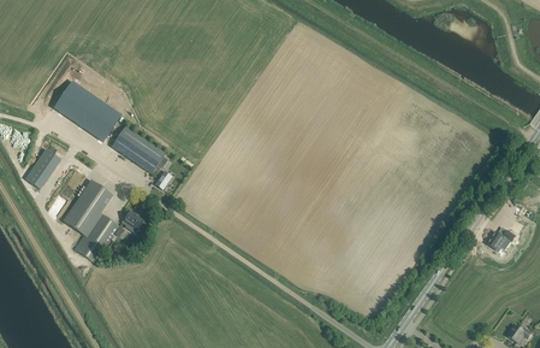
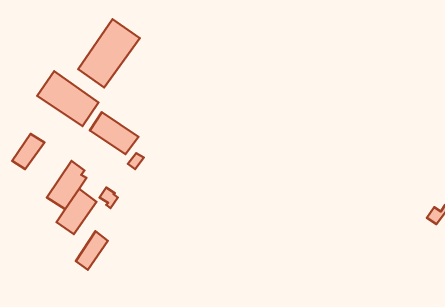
building: none -> [78,19,140,87]
building: none -> [76,231,108,270]

